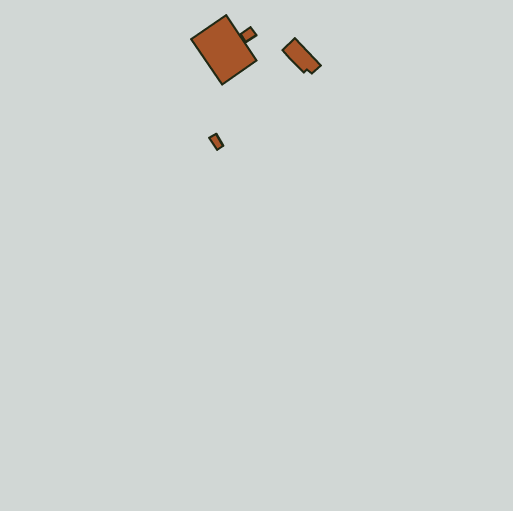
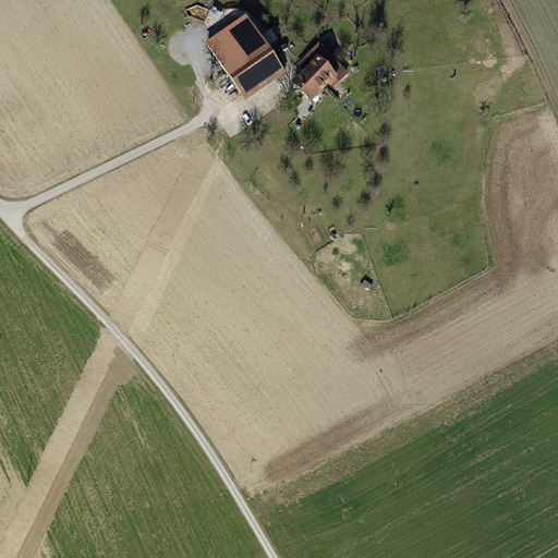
building: none -> [295,63,329,97]

